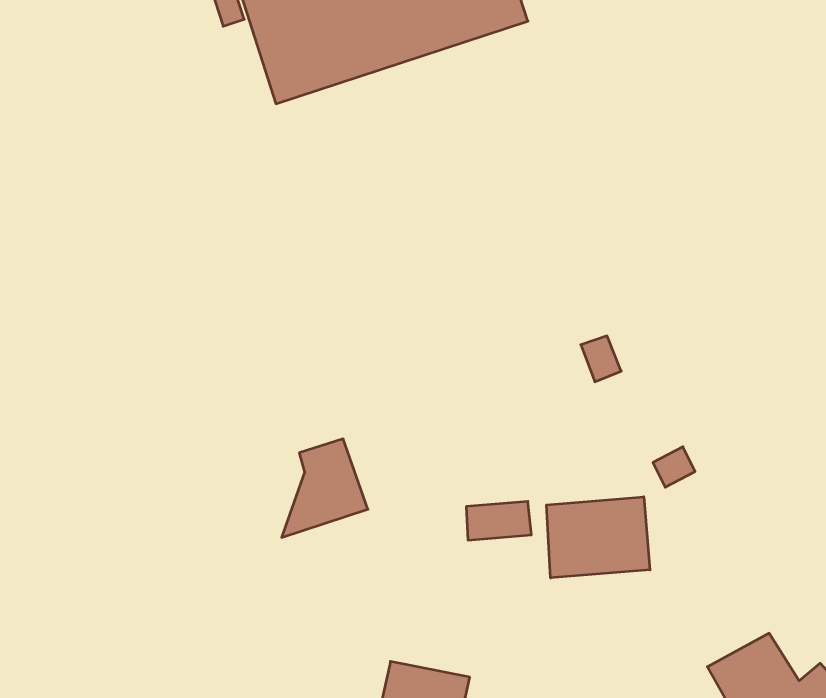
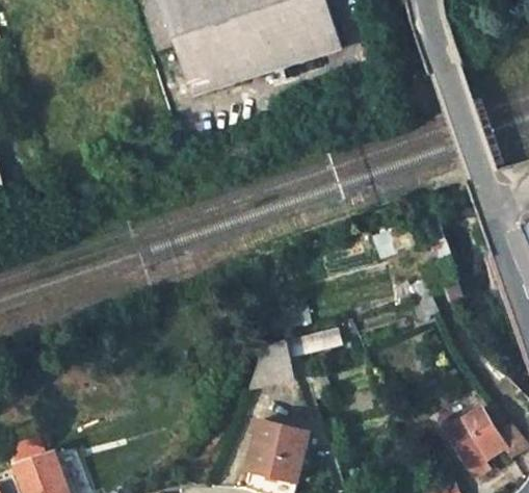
building: [282,439,368,537] -> [245,342,296,400]
building: [547,497,650,578] -> none

